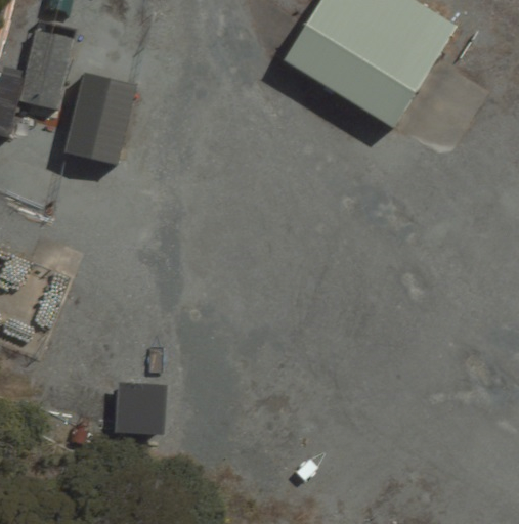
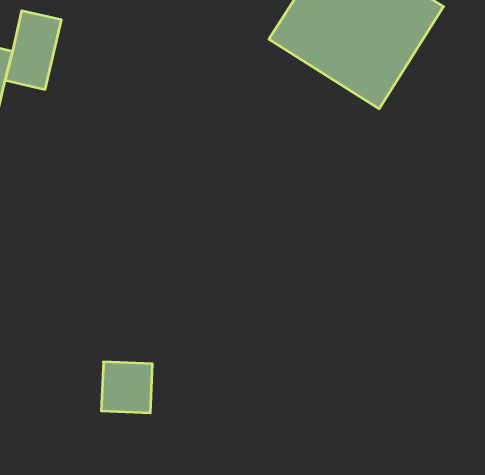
building: [63,72,135,164] -> none

